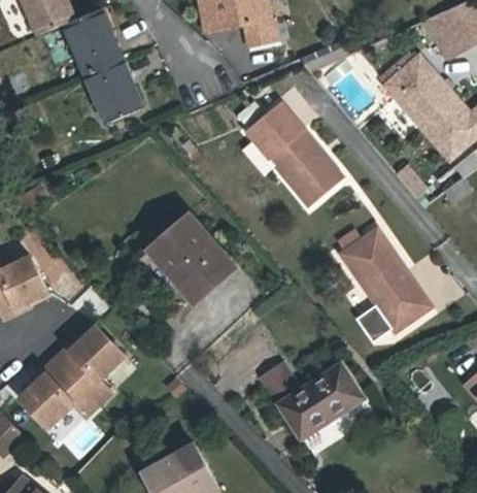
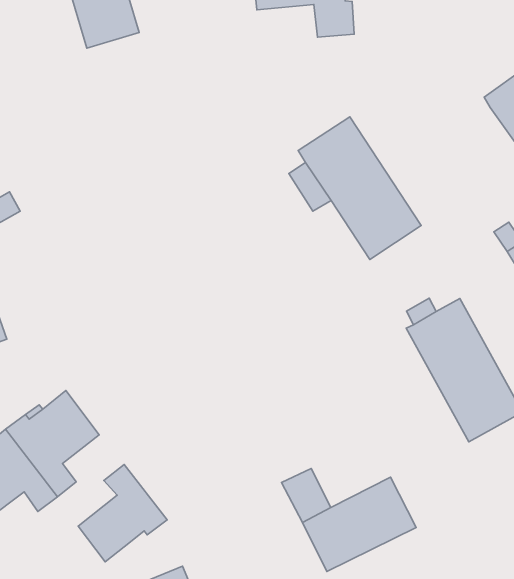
building: [84,58,142,124] -> none
building: [150,216,232,298] -> none
building: none -> [78,464,167,562]

